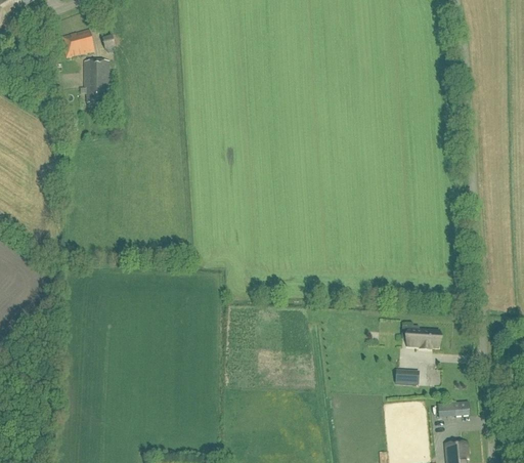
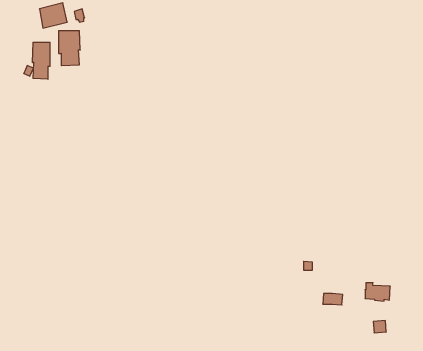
building: none -> [32,42,50,79]
building: [407,326,437,347] -> [365,283,390,301]

